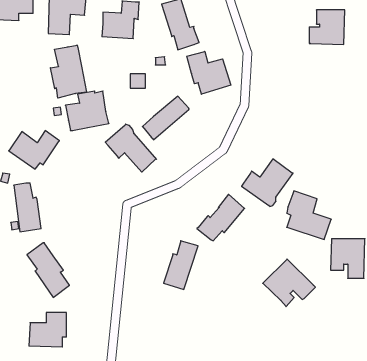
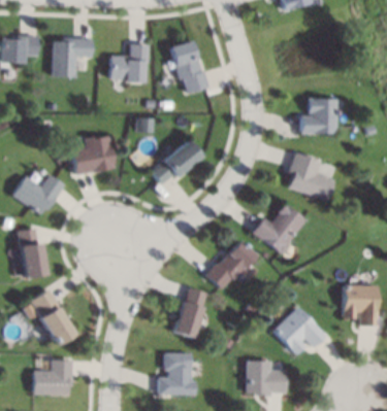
building: [309,10,345,44] -> [299,98,335,133]
building: [50,45,87,98] -> none
building: [187,51,231,94] -> none
building: [105,124,156,172] -> none
building: [287,191,331,239] -> [287,150,332,200]
building: none -> [158,352,196,395]
building: none -> [247,362,287,397]

